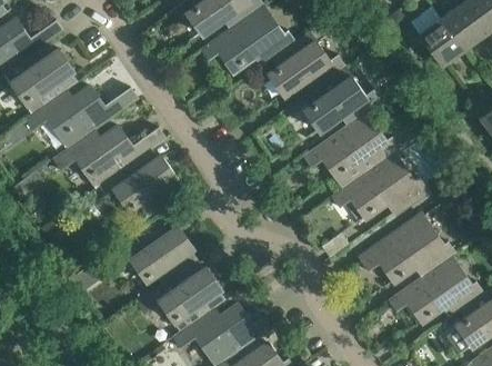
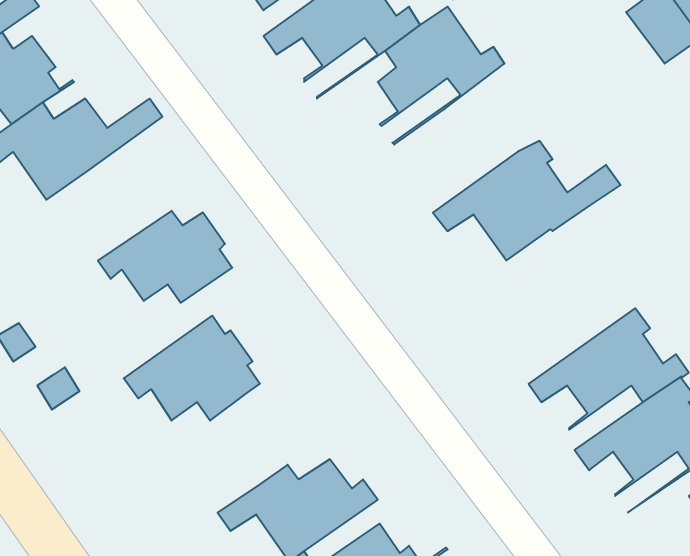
building: [303,67,381,139] -> none
building: [52,127,165,188] -> none
building: [330,154,426,235] -> none
building: [158,266,232,323] -> none

